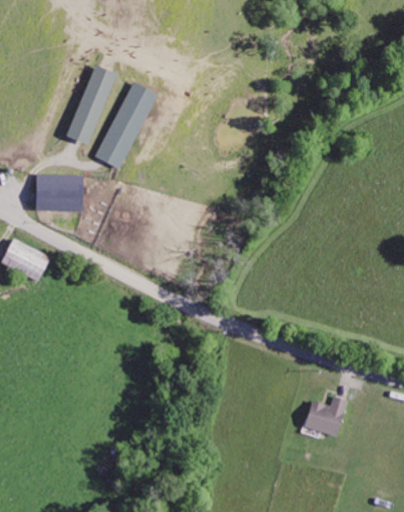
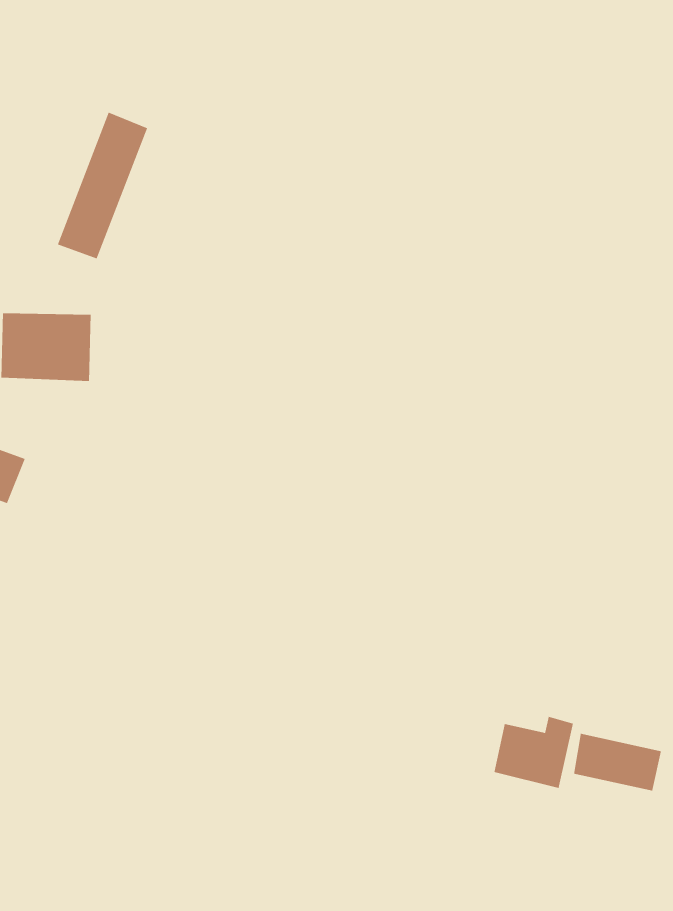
building: [96,81,157,169] -> none
building: none -> [573,733,662,791]

